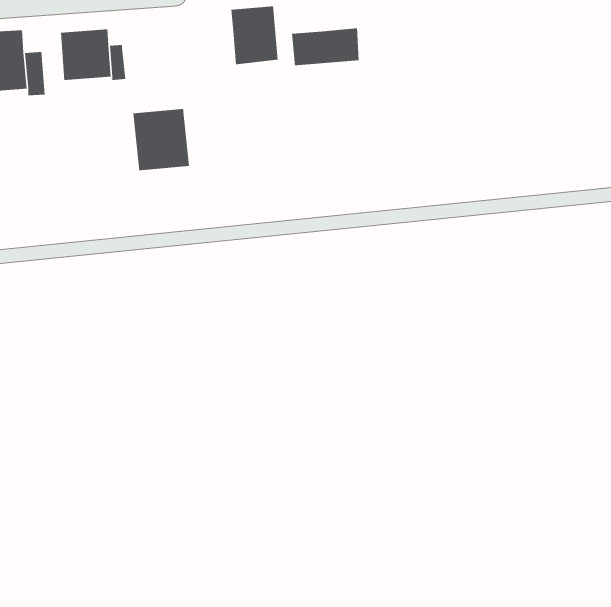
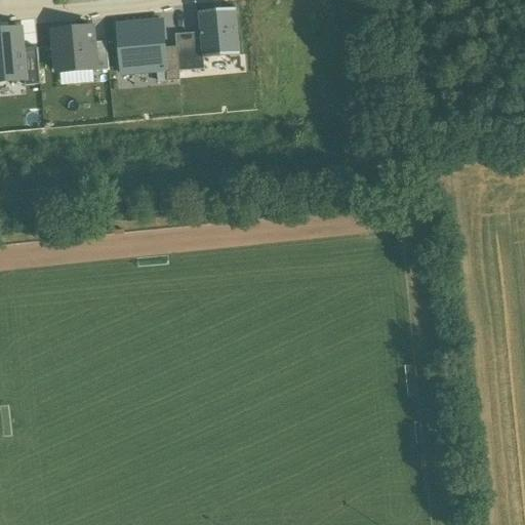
building: [292,28,359,66] -> none
building: none -> [174,30,202,68]
building: [132,109,190,171] -> [116,17,165,71]

